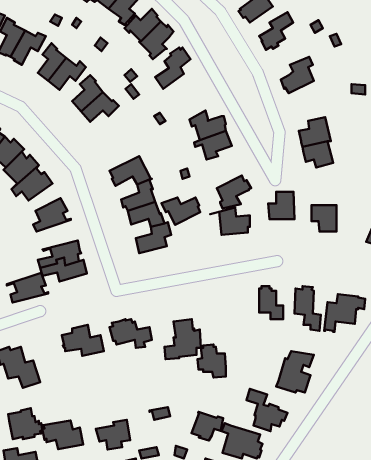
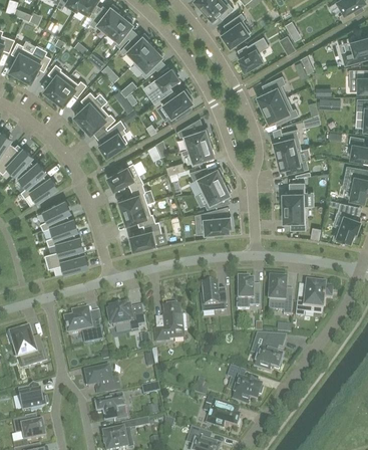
building: none -> [162,88,192,124]
building: none -> [264,96,298,123]
building: none -> [97,119,126,155]
building: [268,192,295,219] -> [283,182,306,206]
building: [161,197,200,225] -> [189,167,223,191]
building: [7,273,48,302] -> [42,219,78,245]
building: [197,344,226,378] -> [200,283,225,312]
building: [192,412,223,440] -> none
building: [42,421,83,449] -> [83,370,119,395]

